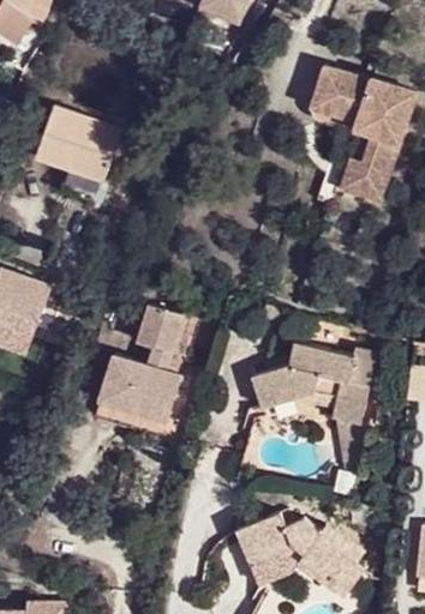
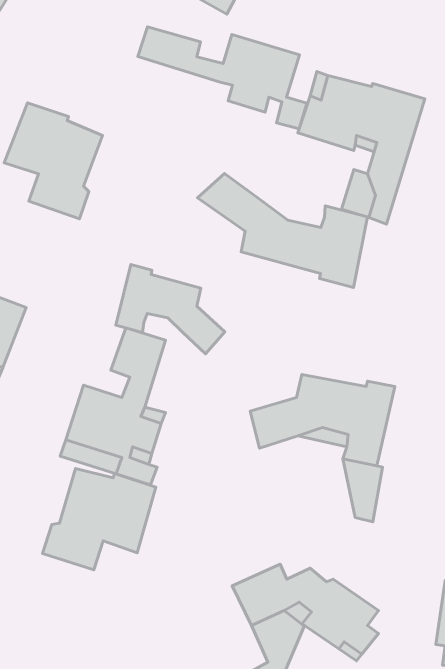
building: none -> [138,27,307,129]
building: none -> [198,174,367,288]
building: none -> [116,264,225,354]
building: none -> [42,469,156,570]

